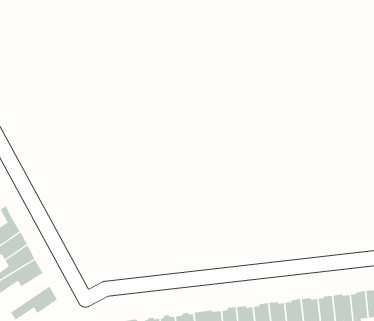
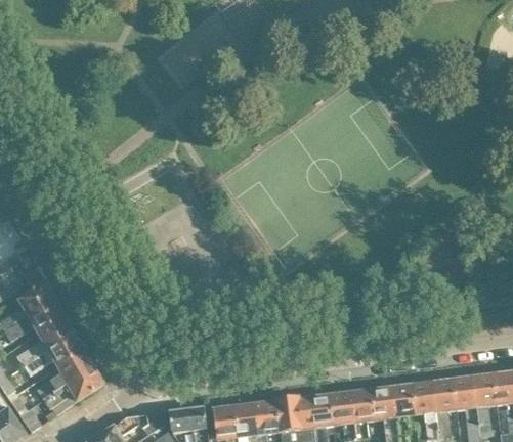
building: none -> [35,349,91,399]

